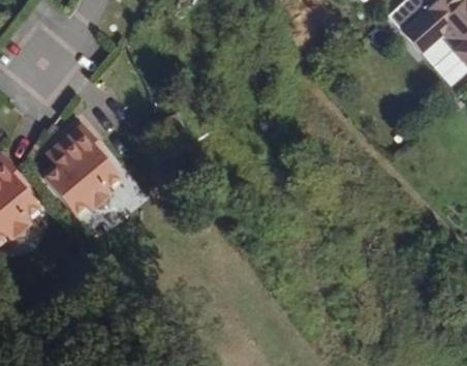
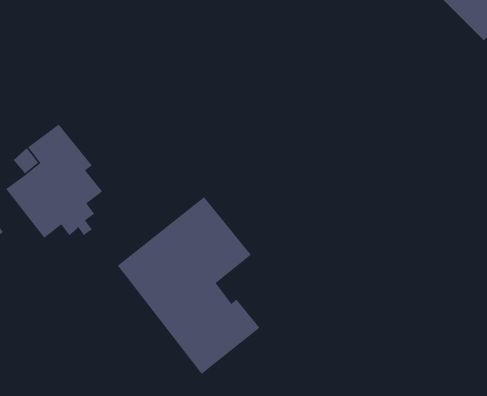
building: none -> [117,196,261,375]

